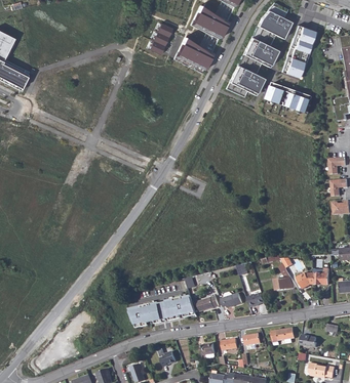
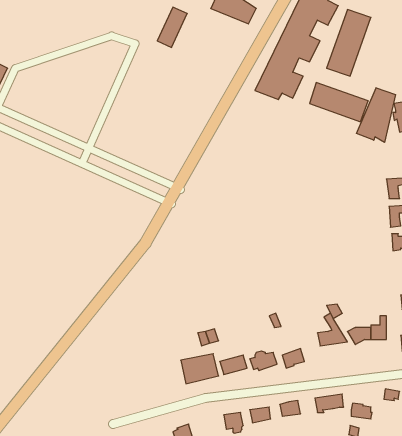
building: [174,38,210,69] -> none
building: none -> [357,88,395,142]
building: [129,300,170,326] -> none

